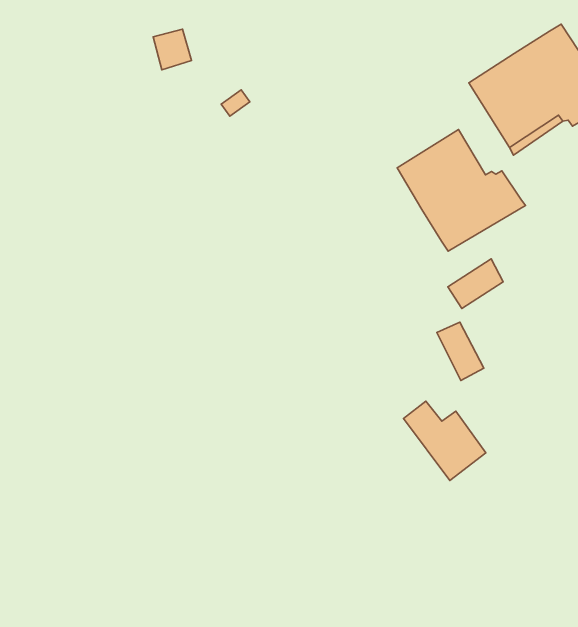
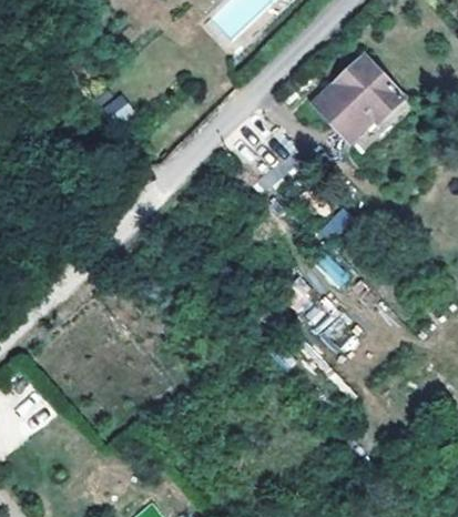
building: [397,130,526,251] -> none

